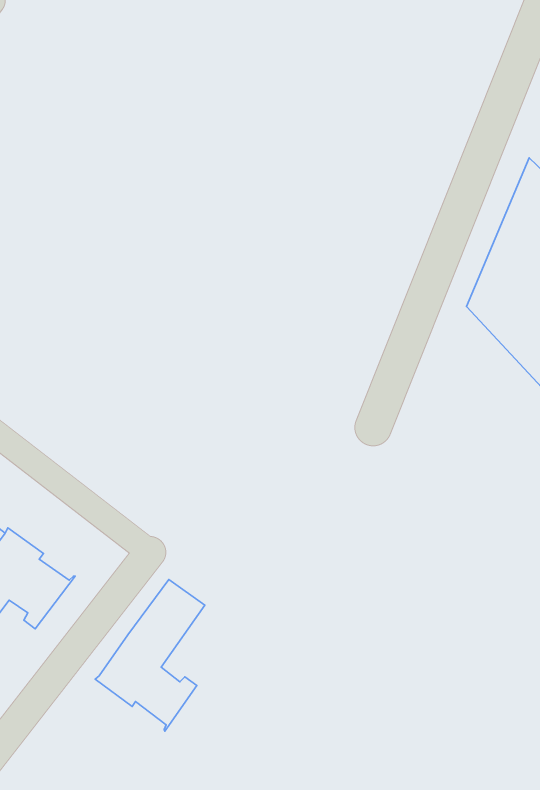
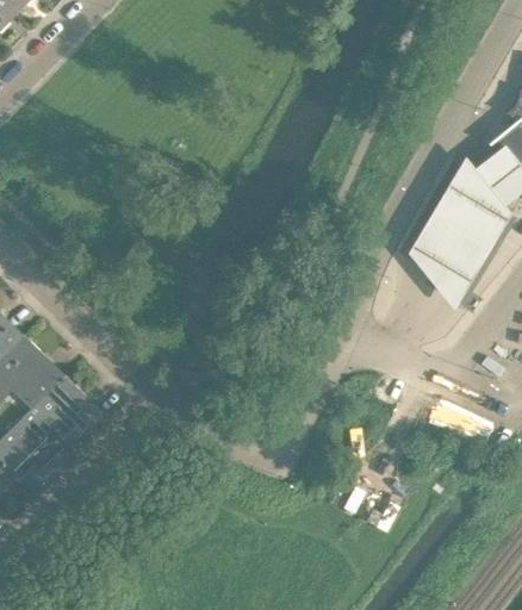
building: [95,579,205,731] -> none

